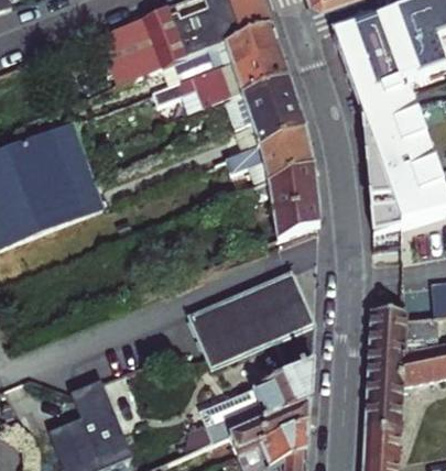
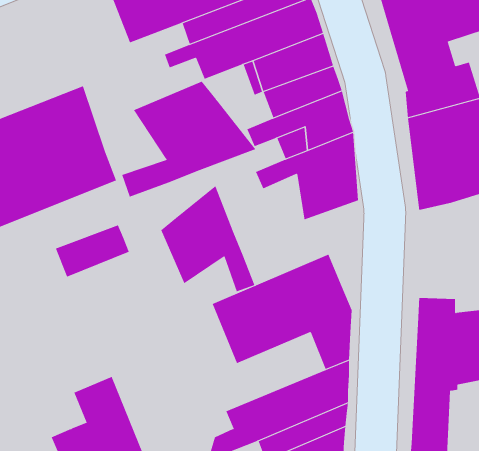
building: none -> [121,81,256,197]
building: none -> [160,185,255,292]
building: none -> [55,224,130,278]

